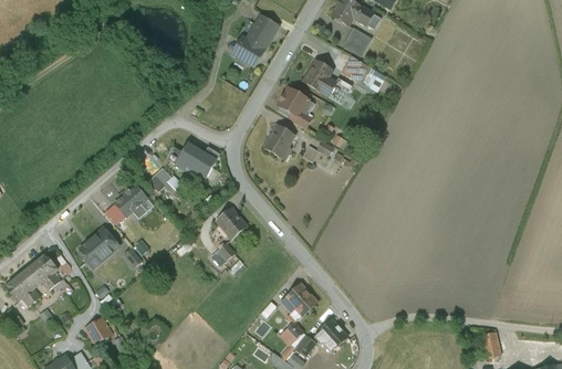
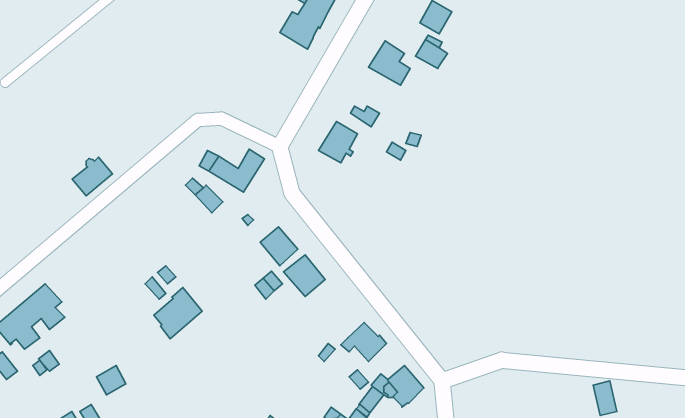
building: [279,87,308,116] -> none
building: [115,184,147,215] -> [72,157,113,196]
building: [80,226,118,267] -> [154,287,202,339]
building: none -> [284,255,325,296]

